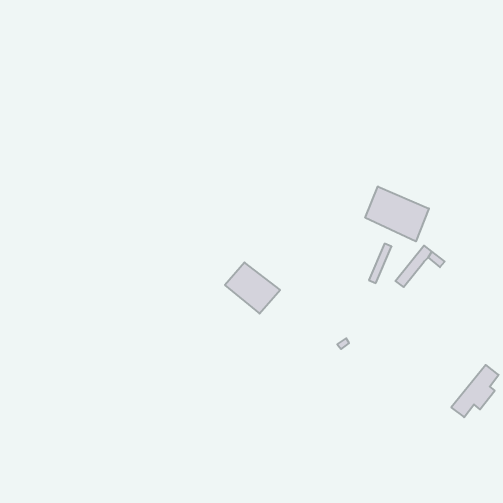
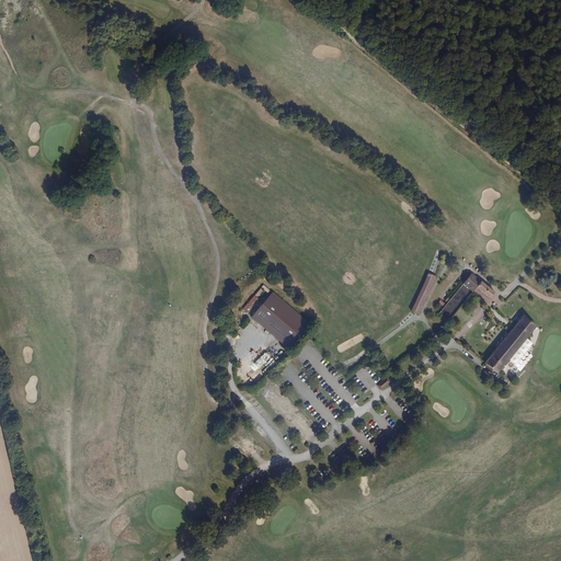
building: [365,186,429,241] -> none
building: [451,365,499,417] -> [484,314,537,373]

